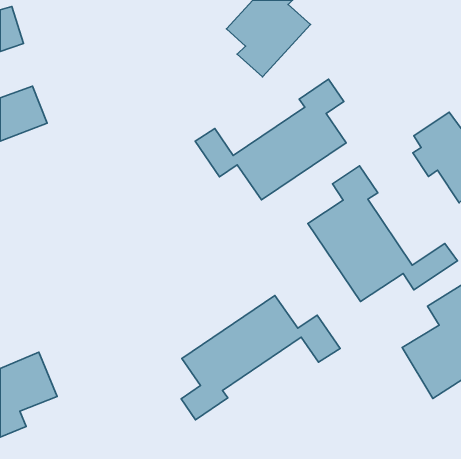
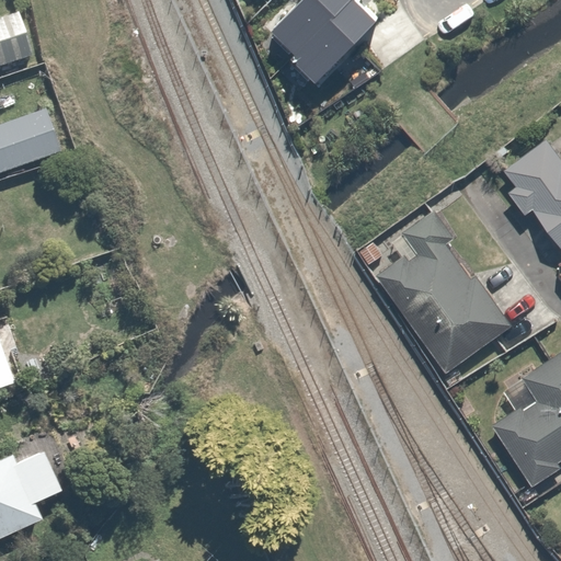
building: [195,79,346,200] -> none
building: [181,296,340,420] -> none

